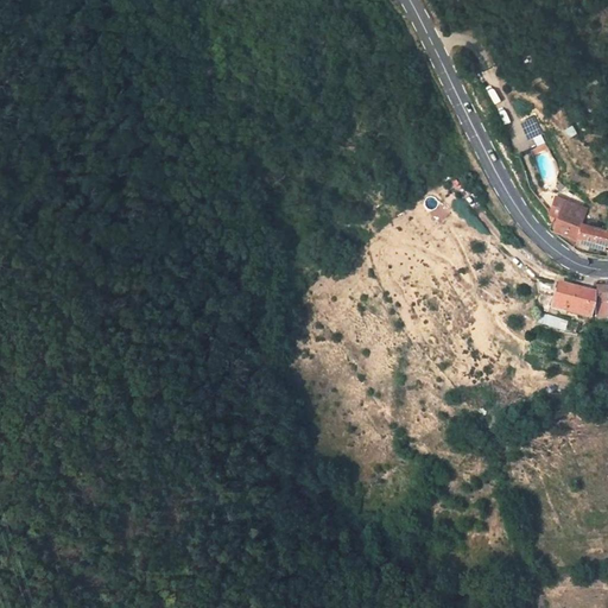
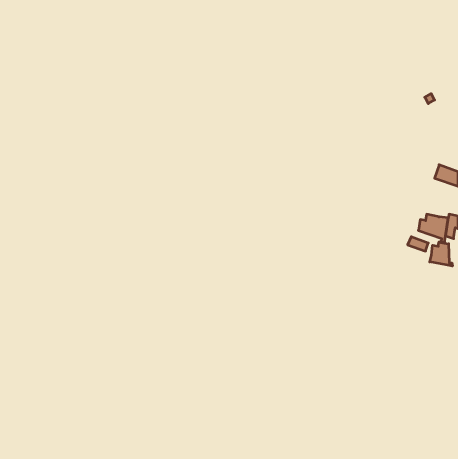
building: [549,203,583,235] -> none
building: none -> [430,242,452,266]

